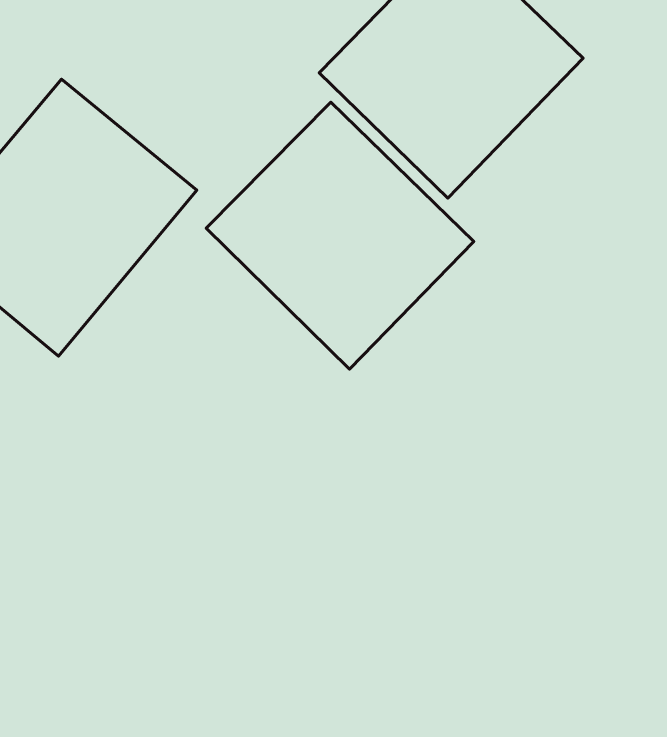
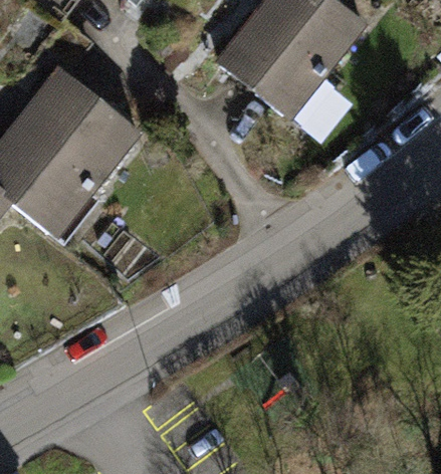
building: [206,102,474,369] -> none

